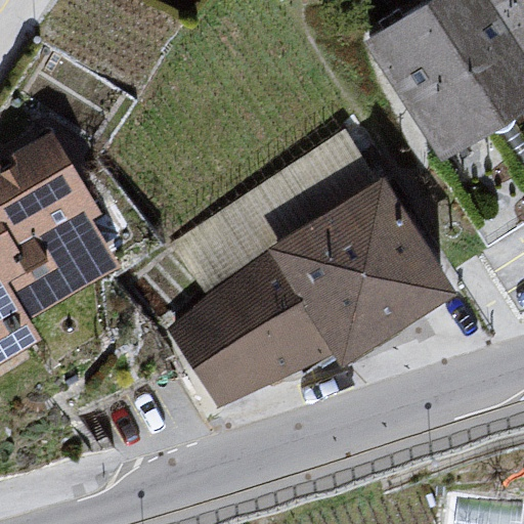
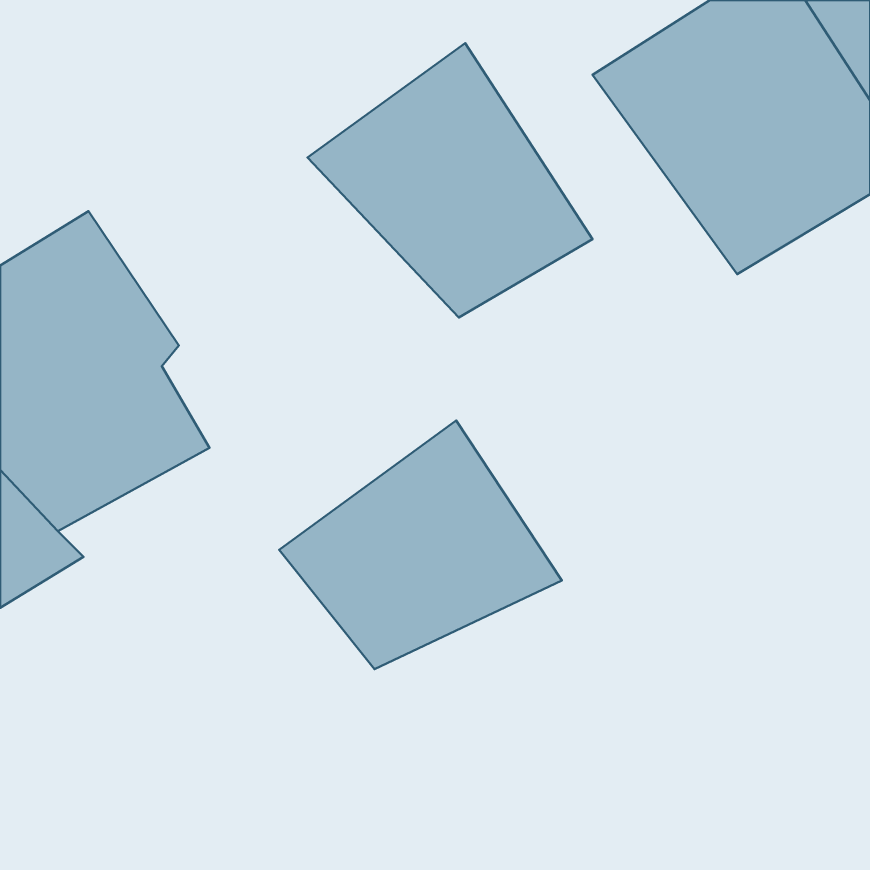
building: none -> [308,43,593,318]
building: [267,185,452,357] -> none

